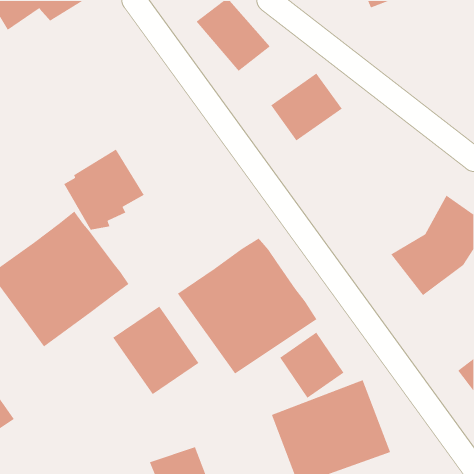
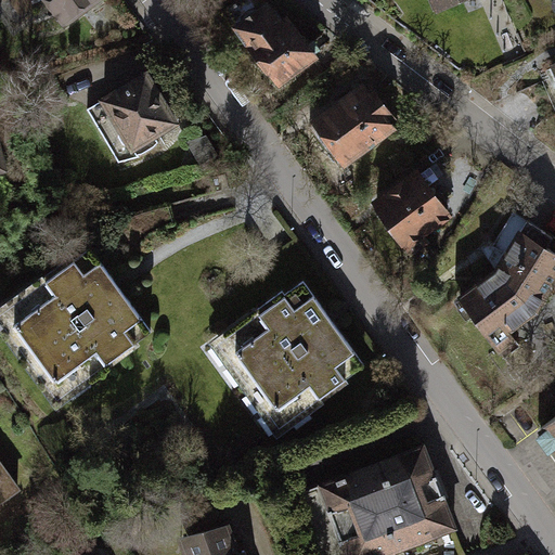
building: [63,149,145,231] -> [83,69,179,165]
building: none -> [375,176,451,251]
building: [112,306,200,395] -> none
building: [279,332,345,399] -> none

